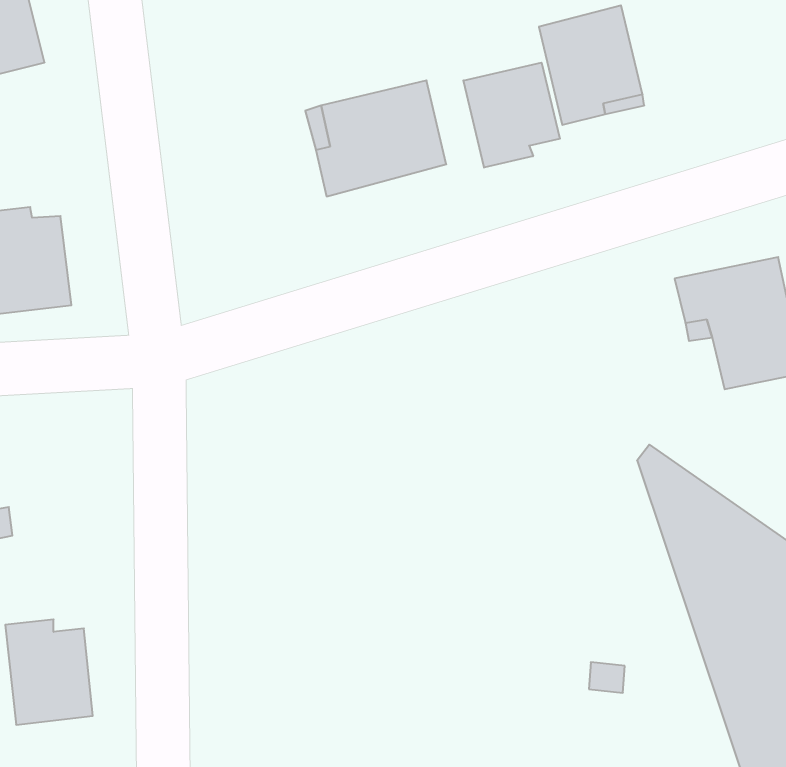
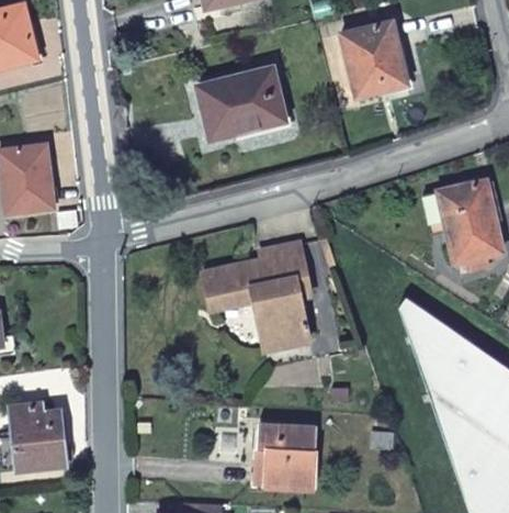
building: [463,63,560,168] -> none
building: none -> [203,241,310,348]
building: none -> [258,423,317,487]

